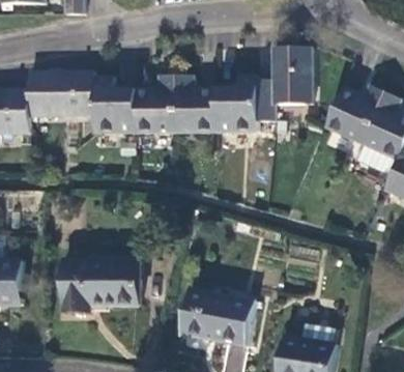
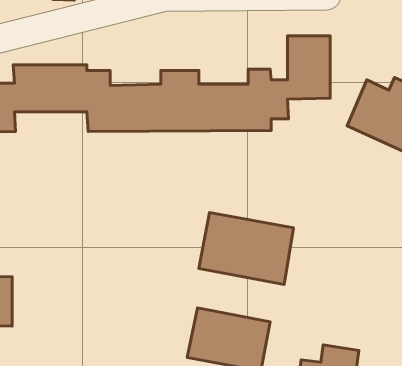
building: none -> [199,212,294,285]
building: [66,262,141,313] -> none

